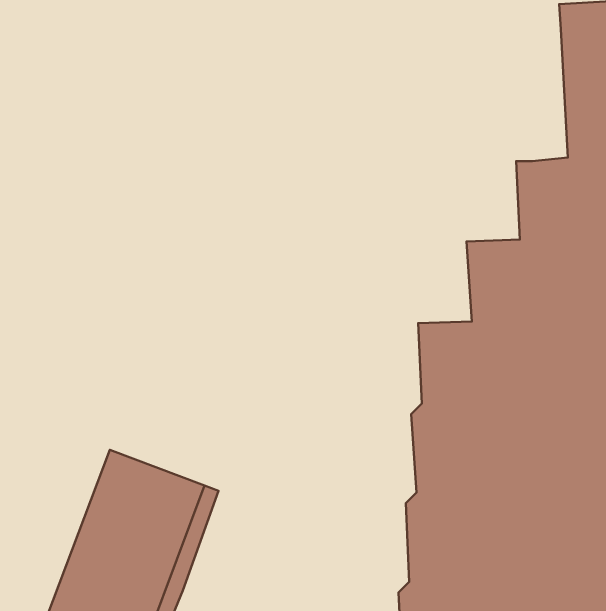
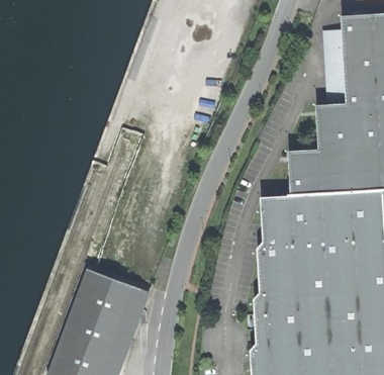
building: none -> [322,31,347,106]

